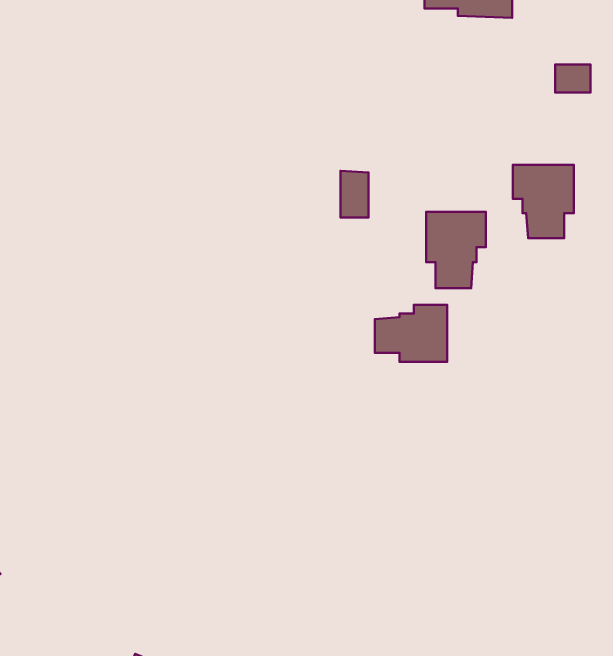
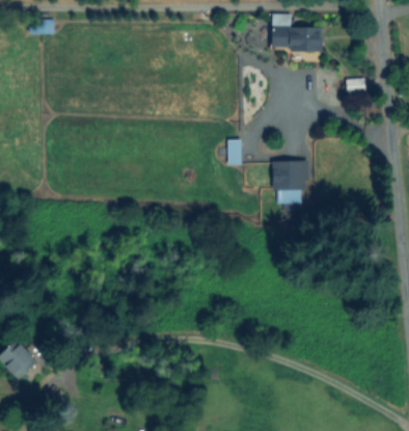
building: [513,165,574,238] -> none
building: [375,305,447,362] -> none

